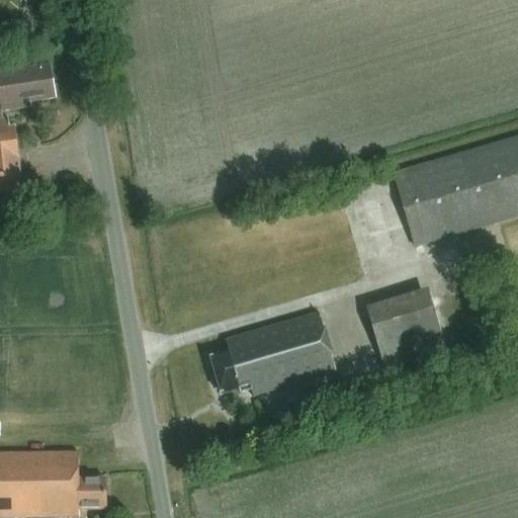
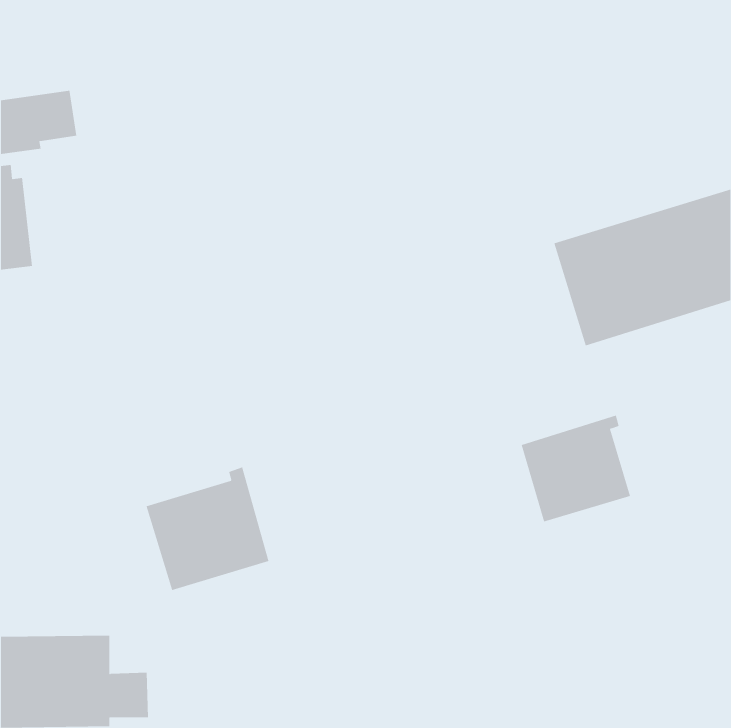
building: [209,313,335,395] -> none
building: none -> [146,467,269,591]

